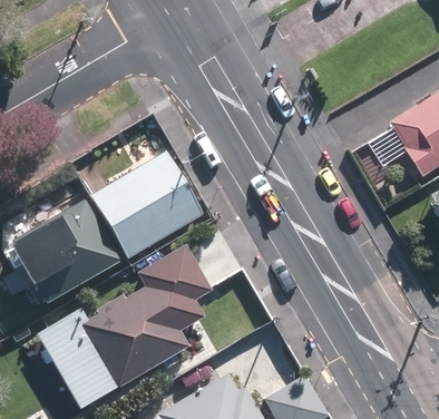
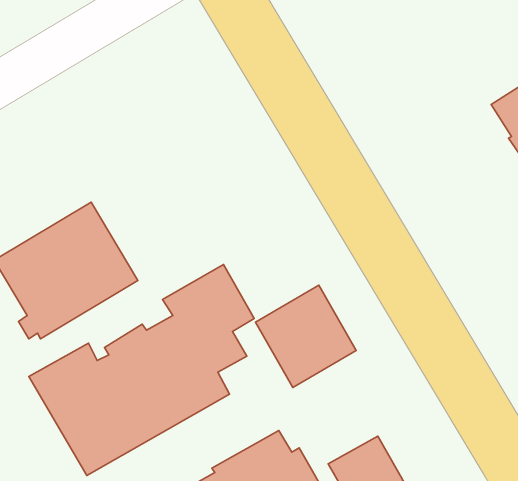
building: [90,149,203,257] -> none
building: none -> [255,285,356,388]

